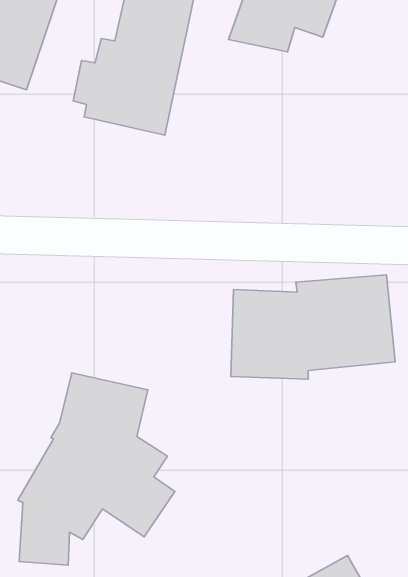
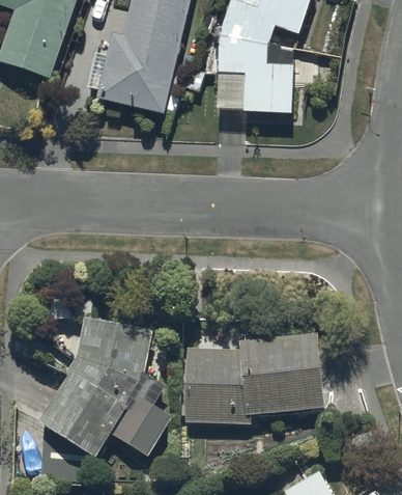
building: none -> [217,34,294,113]
building: [231,275,395,379] -> [184,333,323,421]

